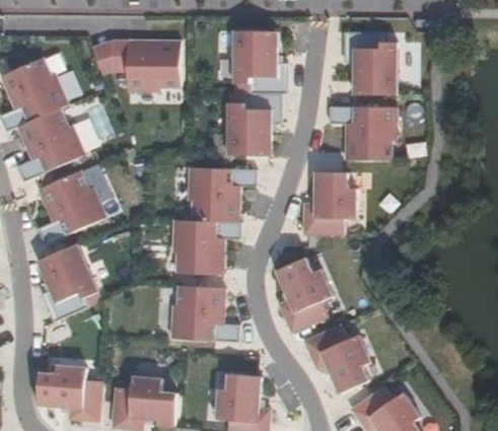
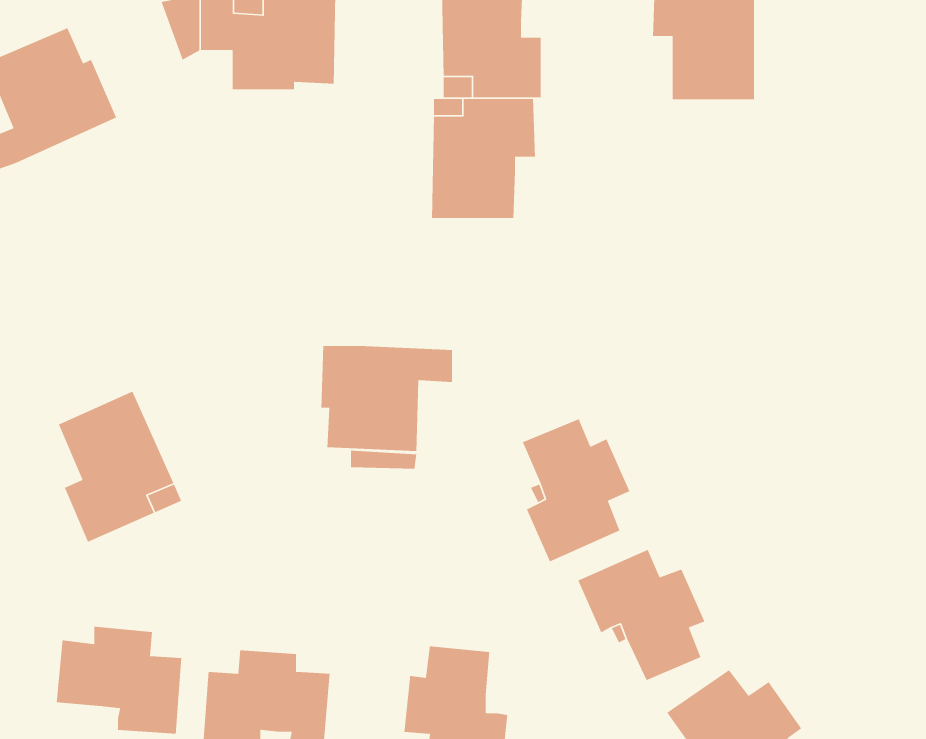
building: [329,106,397,160] -> none
building: [15,107,84,182] -> none
building: [188,167,256,222] -> none
building: [37,170,105,243] -> none
building: [303,172,356,234] -> none
building: [165,285,234,342] -> none

